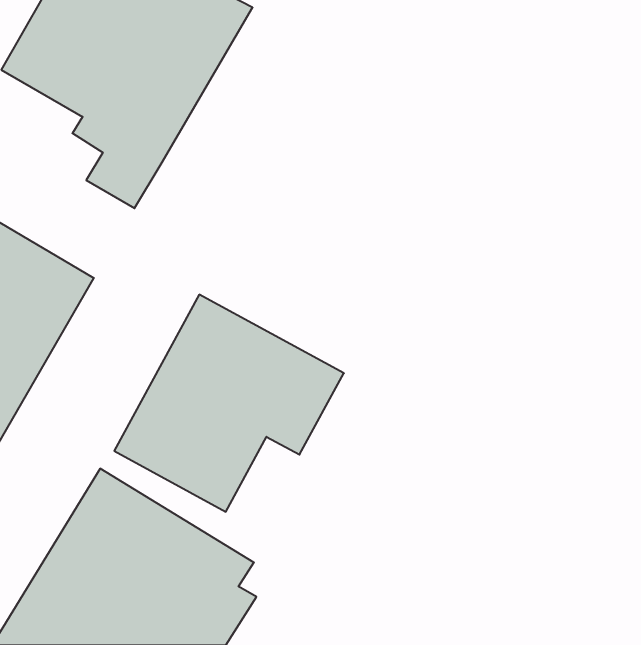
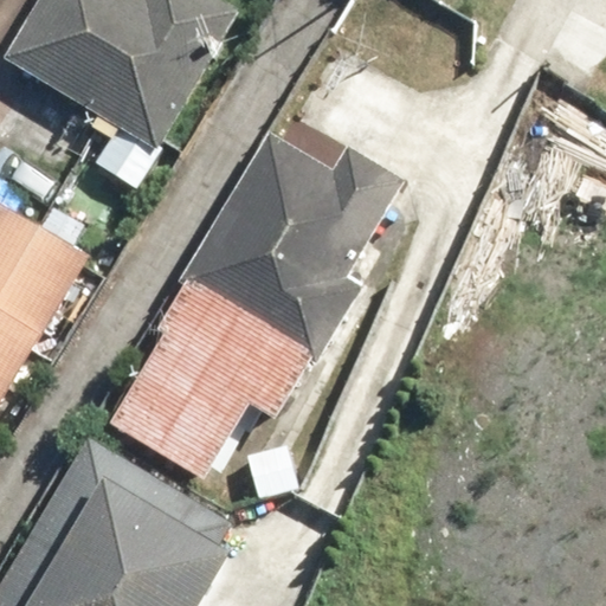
building: none -> [186,127,401,348]

